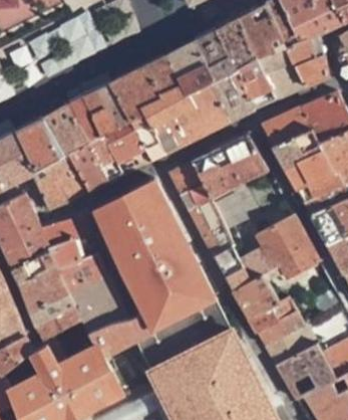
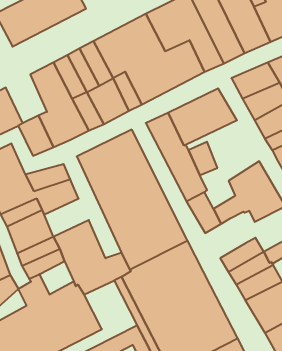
building: [19,120,63,172] -> none
building: [60,253,108,294] -> none
building: [234,274,277,318] -> none

